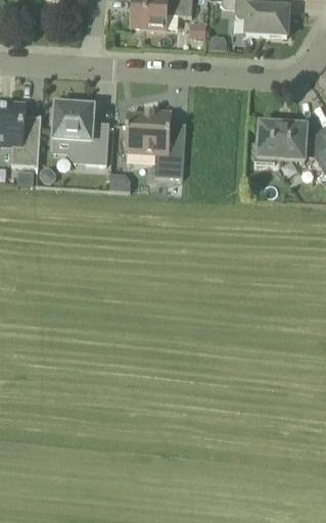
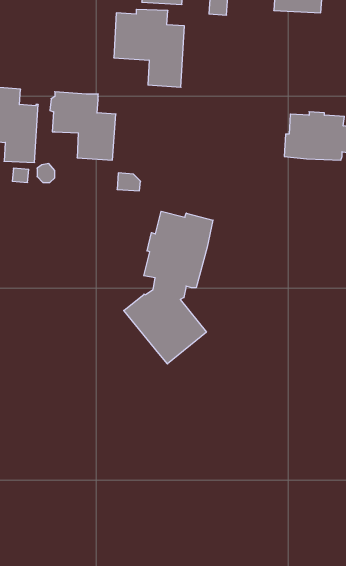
building: [125,109,186,177] -> [114,9,184,87]
building: none -> [124,211,213,364]

